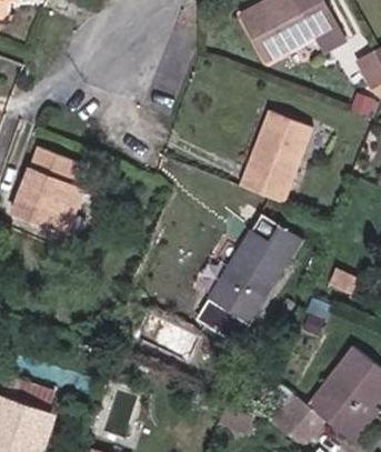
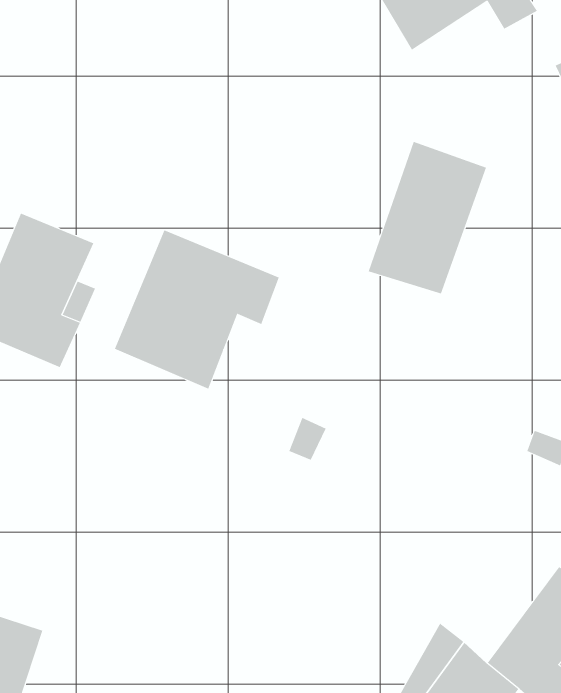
building: none -> [114,229,279,389]
building: [202,204,304,337] -> none

